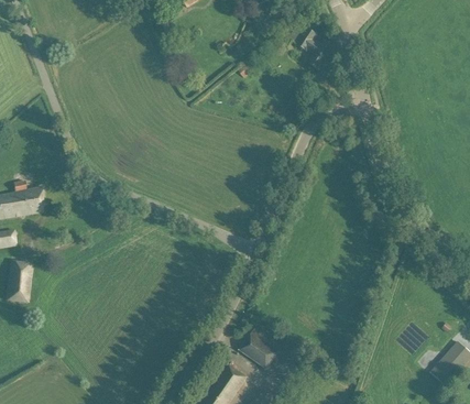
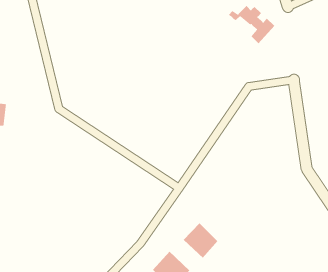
building: none -> [183,223,218,258]

